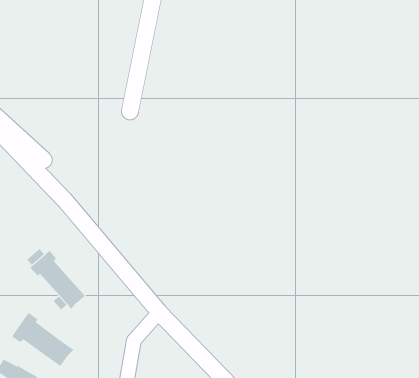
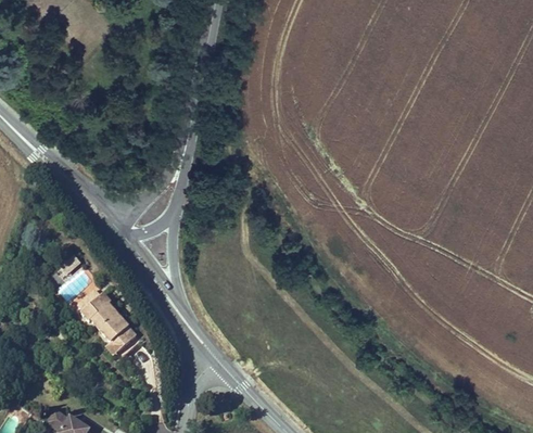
building: [12,312,74,367] -> none

